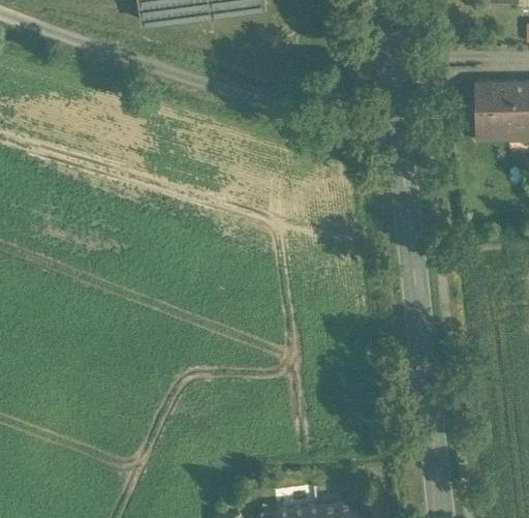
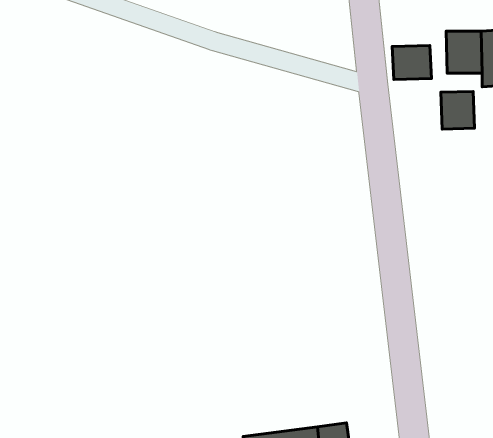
building: none -> [392,45,431,80]
building: none -> [441,92,475,129]

